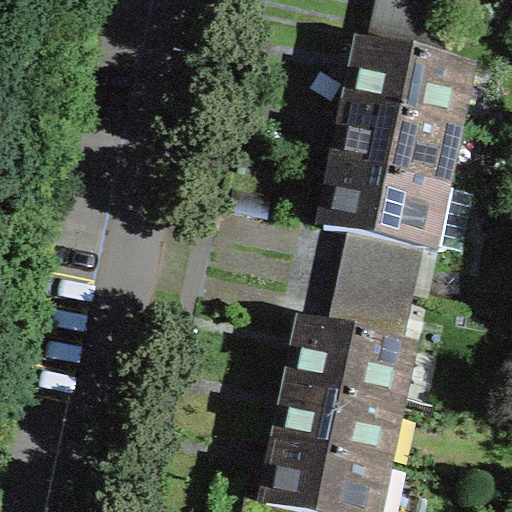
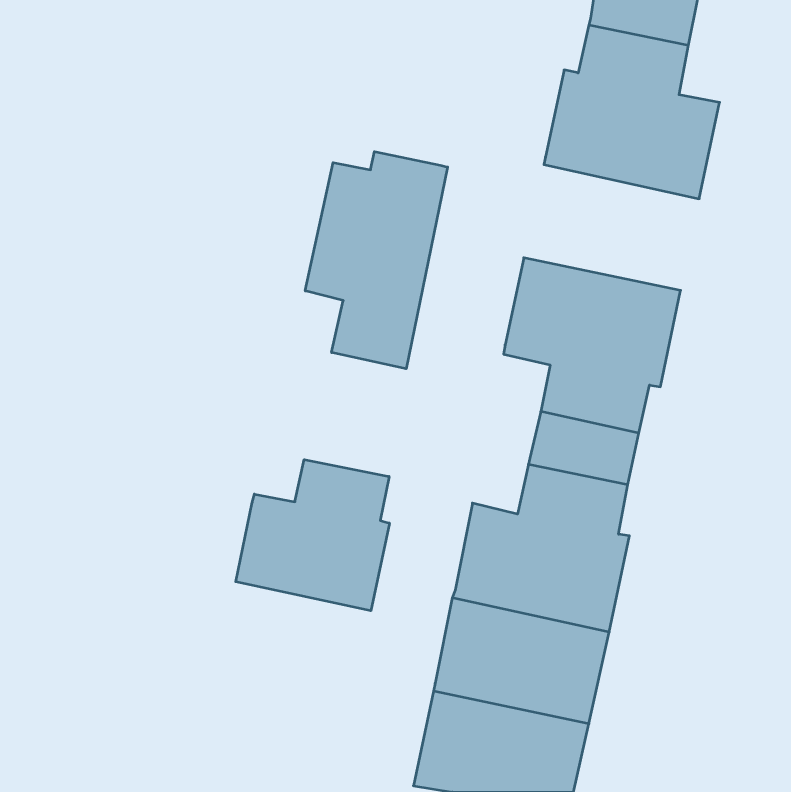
building: none -> [305,152,448,369]
building: [339,106,452,187] -> none
building: none -> [236,460,389,611]

